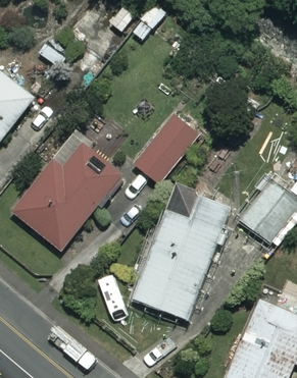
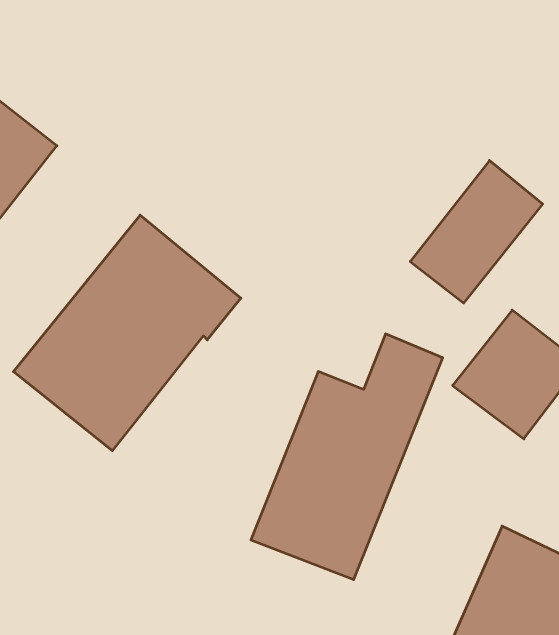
building: [132,111,200,184] -> [410,160,543,303]

